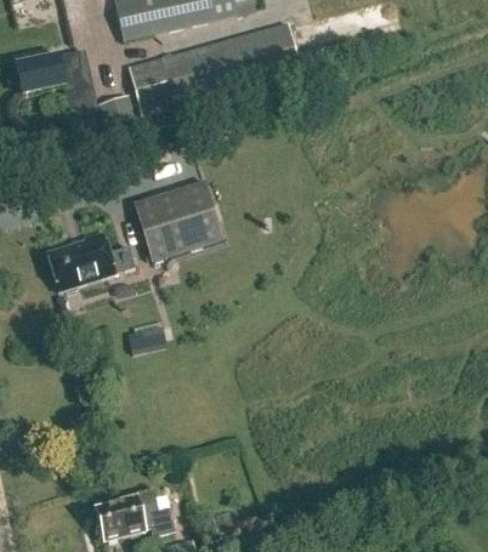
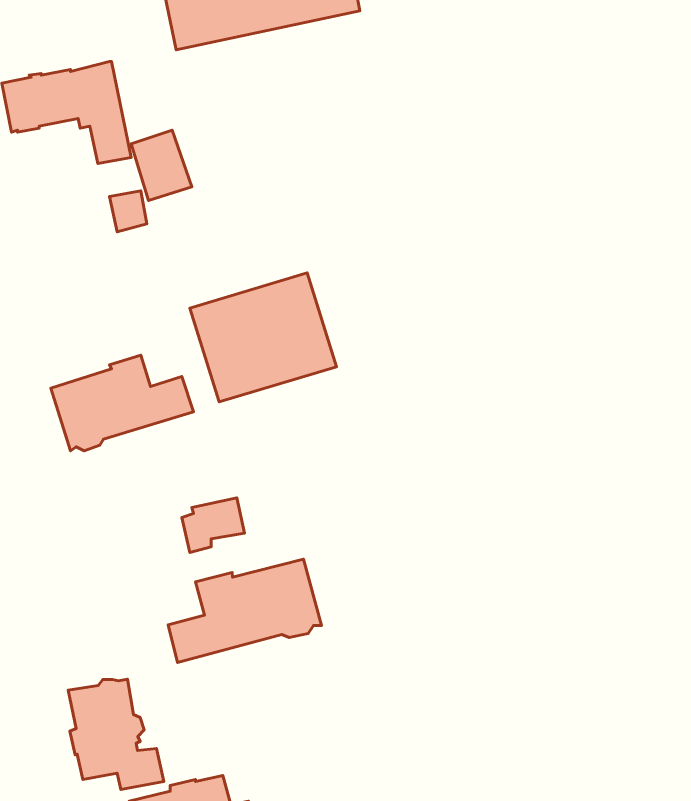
building: [125,21,302,116] -> none
building: none -> [168,559,322,663]
building: none -> [68,679,164,790]

